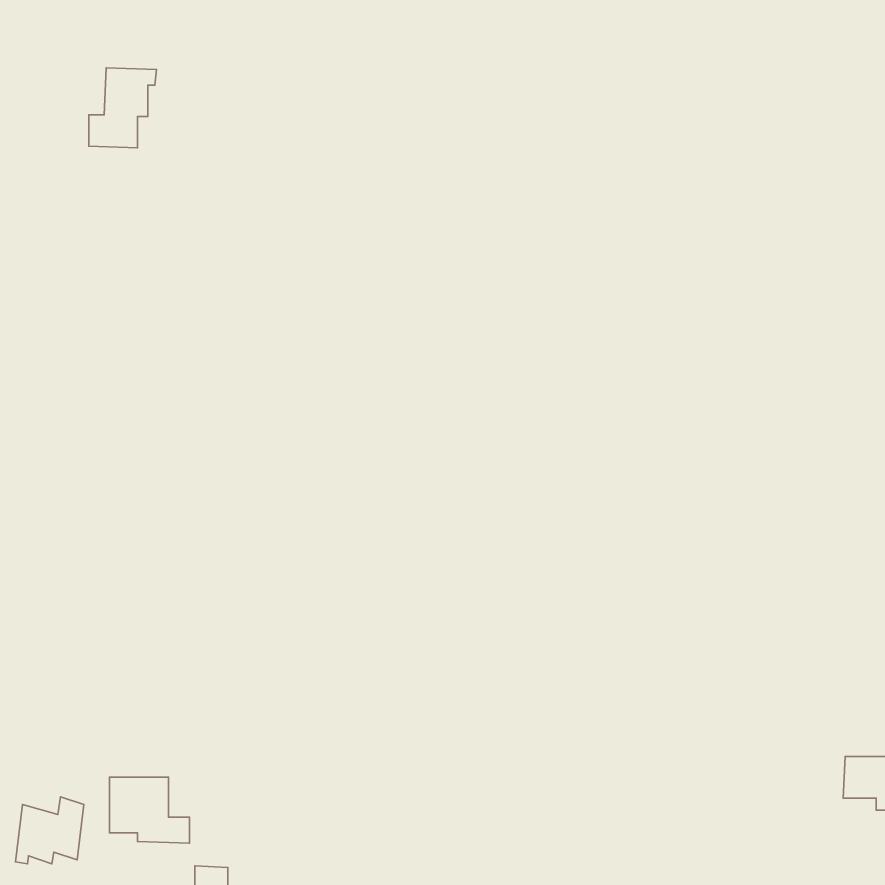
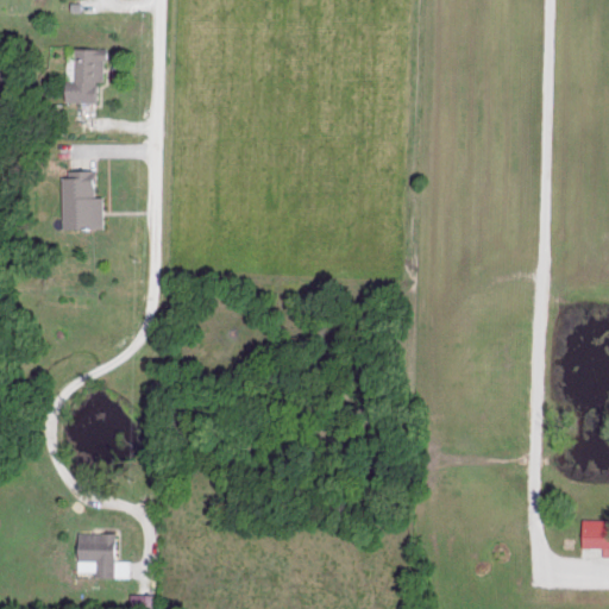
building: none -> [62,171,102,230]
building: [15,797,84,864] -> none

